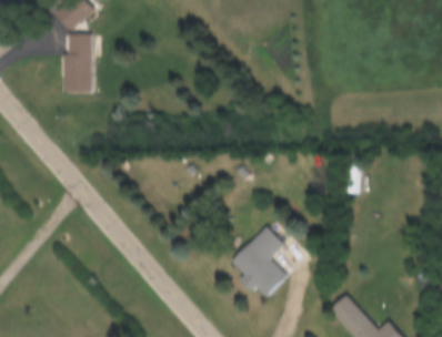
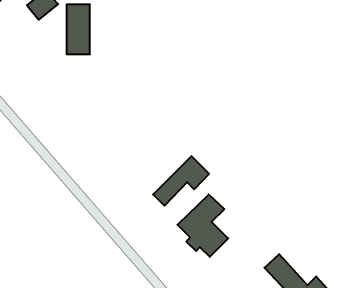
building: [67,33,93,90] -> [67,4,90,54]
building: none -> [153,156,209,206]

